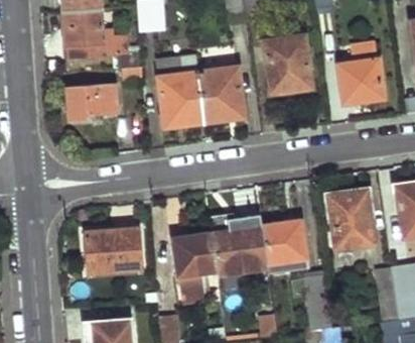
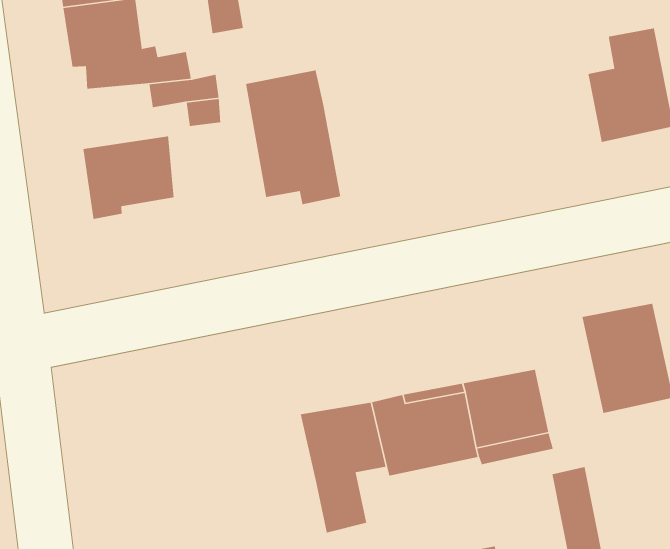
building: [263,35,310,93] -> none
building: [197,68,244,123] -> none
building: [85,227,141,273] -> none

